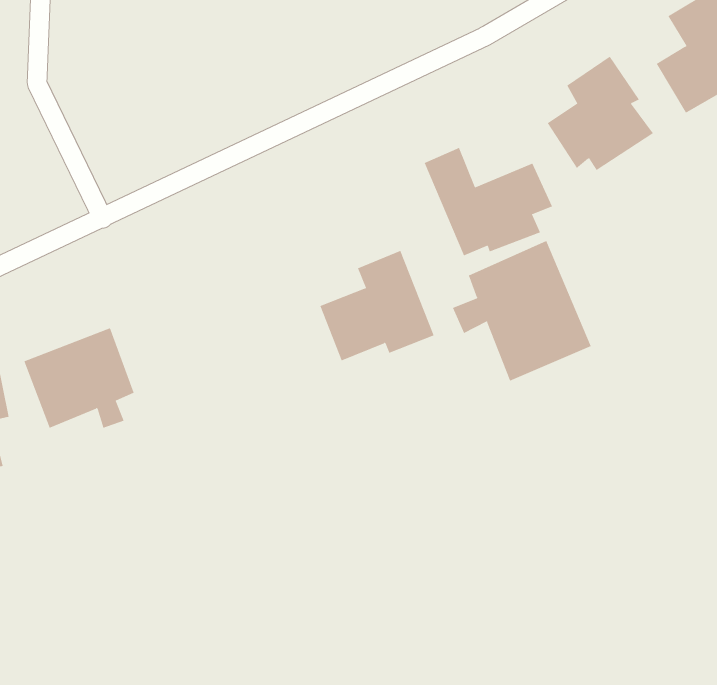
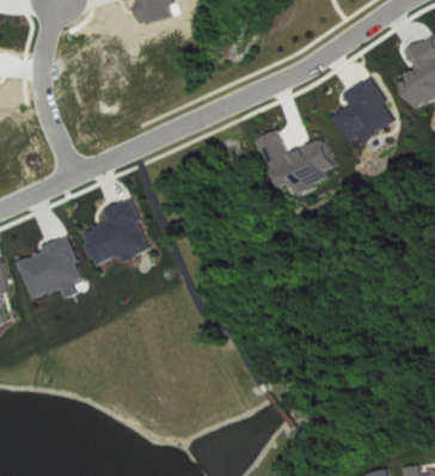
building: [452,240,591,381] -> none
building: [319,250,434,361] -> [79,199,148,266]

